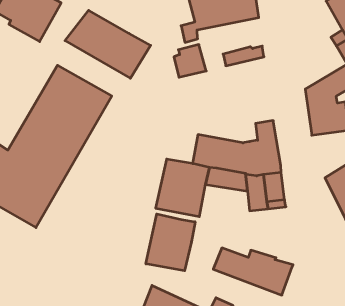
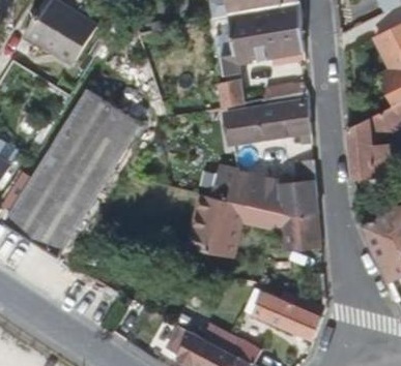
building: [65,10,151,78] -> none
building: none -> [226,100,311,143]
building: [146,214,195,271] -> none

